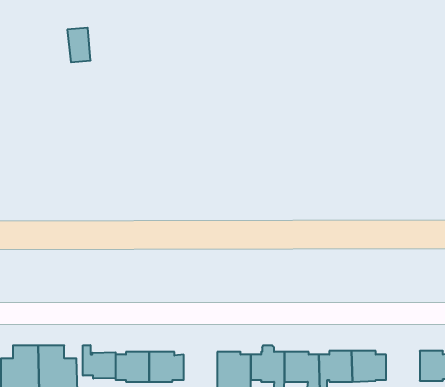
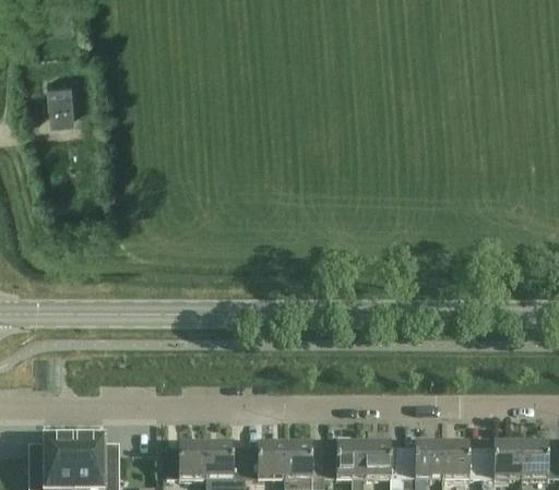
building: [67,28,91,62] -> [47,75,74,116]
building: [83,345,116,379] -> none
building: none -> [483,441,522,476]
building: none -> [246,442,285,477]

